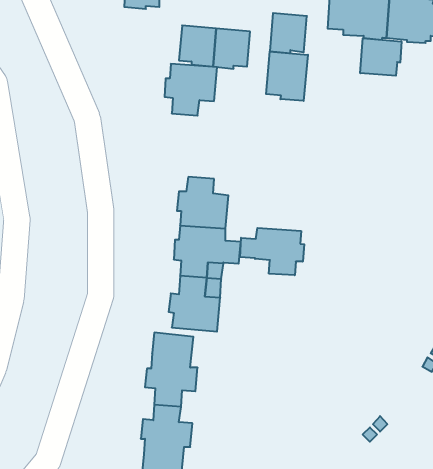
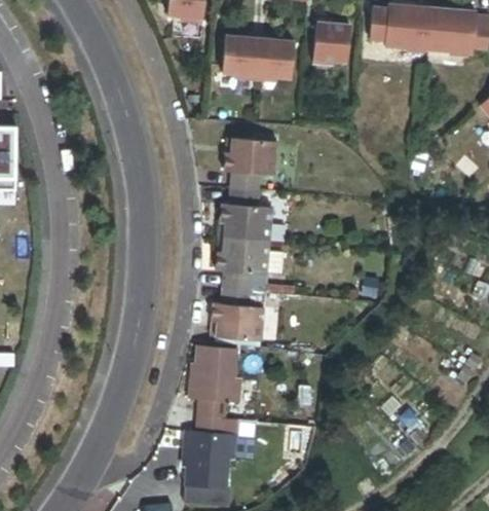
building: [360,38,401,76] -> none
building: [266,52,308,101] -> none
building: [165,64,217,116] -> [224,139,276,190]
building: [240,228,304,275] -> none

